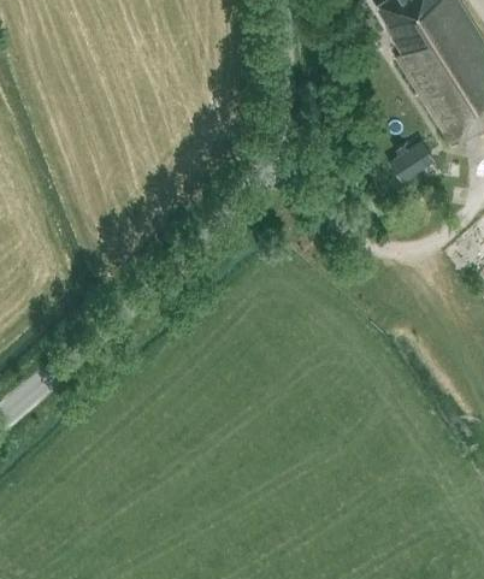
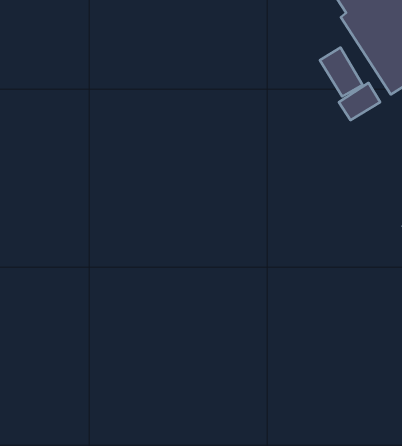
building: none -> [320,47,363,97]

